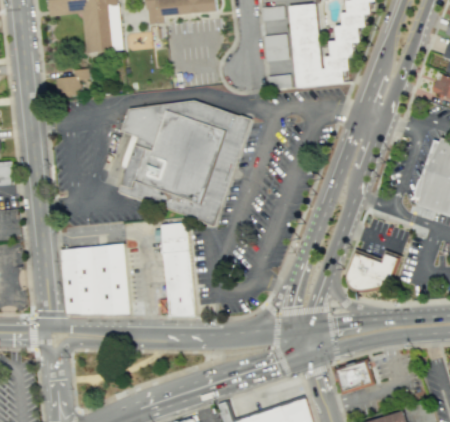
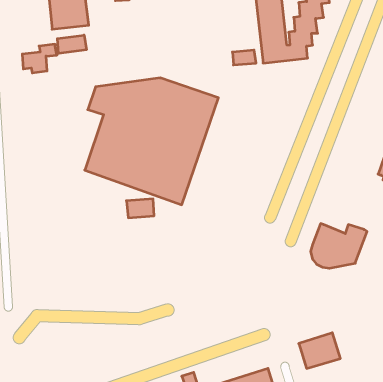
building: [263,33,288,60] -> none
building: none -> [57,35,86,53]
building: [60,244,130,315] -> none
building: [163,250,195,316] -> none

